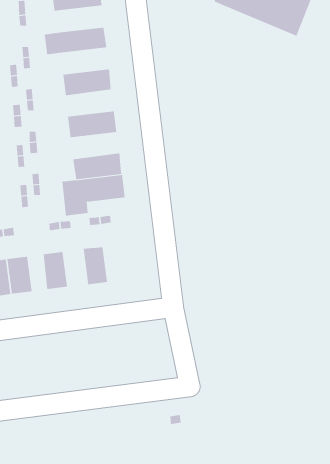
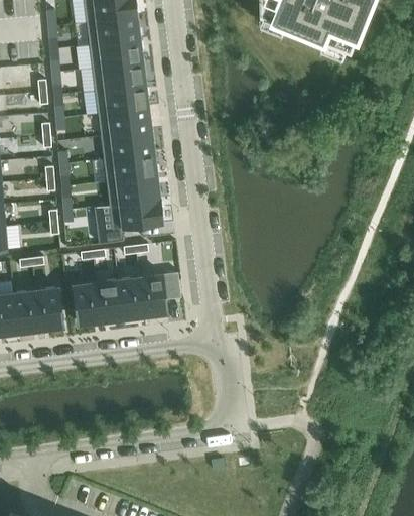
building: none -> [87,17,141,46]
building: none -> [93,62,147,92]
building: none -> [99,108,152,137]
building: none -> [104,154,158,183]
building: none -> [140,275,167,316]
building: none -> [97,280,123,321]

